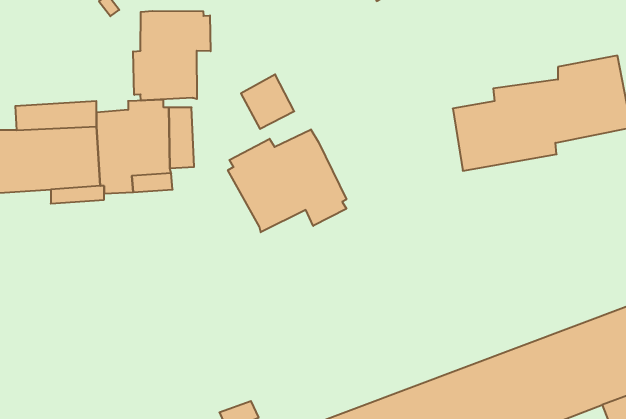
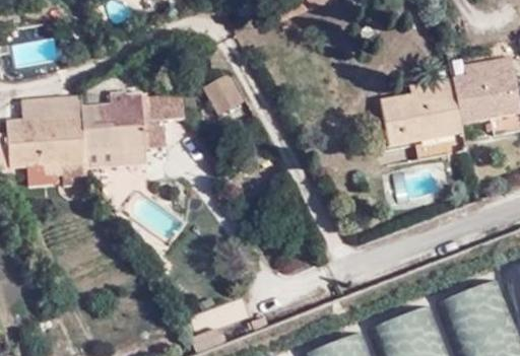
building: [133,11,211,101] -> none
building: [228,129,346,232] -> none

